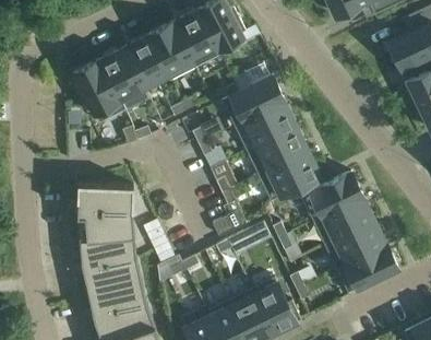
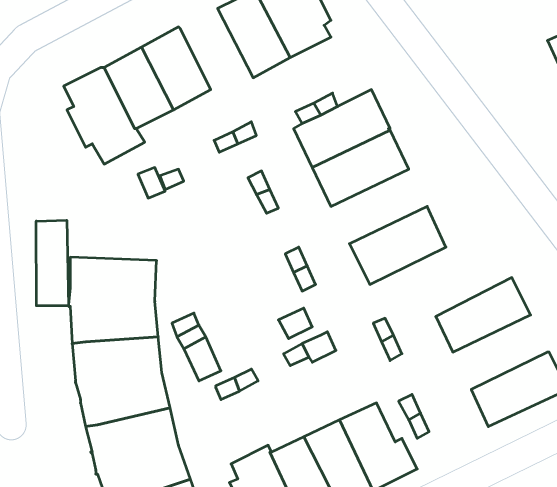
building: [148,22,195,80] -> none
building: [246,126,308,174] -> none
building: none -> [36,220,69,306]
building: [301,172,362,221] -> none
building: [324,220,385,268] -> none

